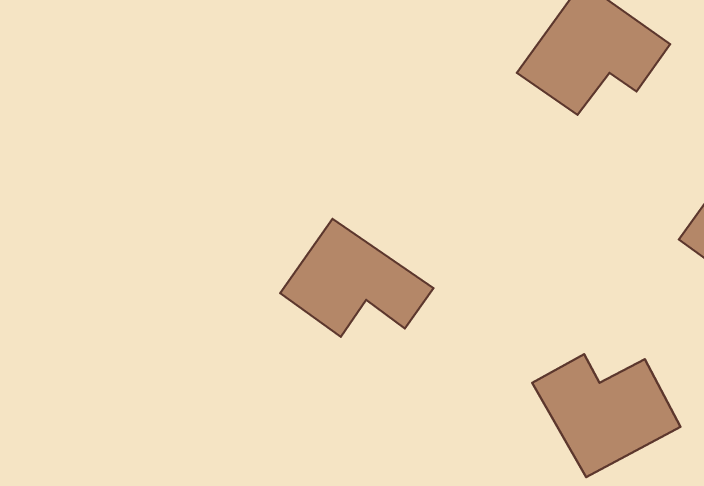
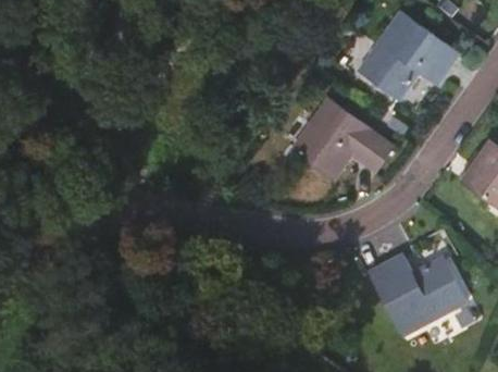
building: [280,219,434,337] -> [294,100,393,176]

